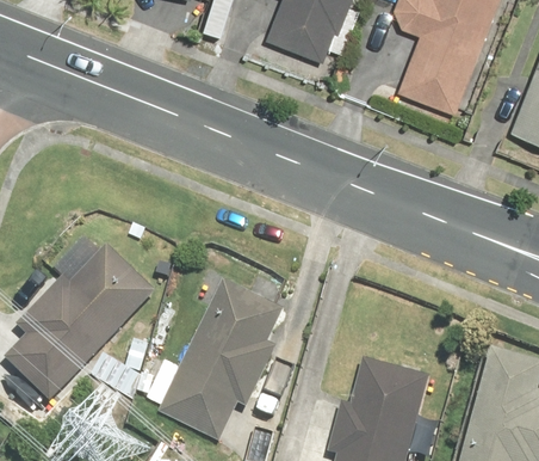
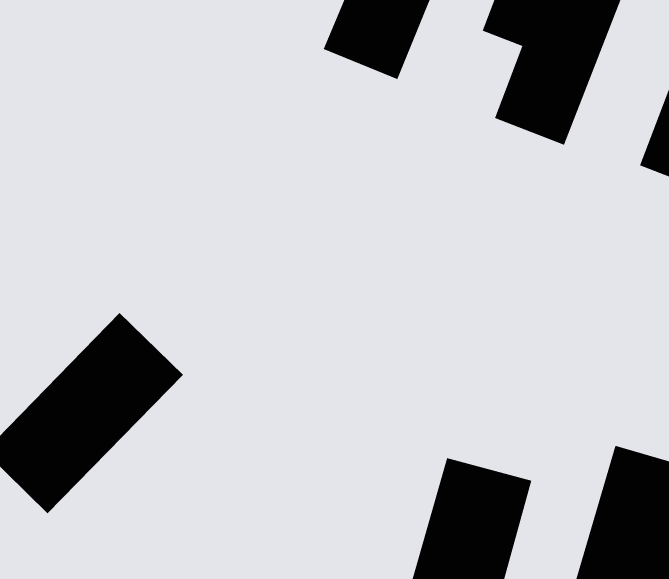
building: [159,279,286,442] -> none

